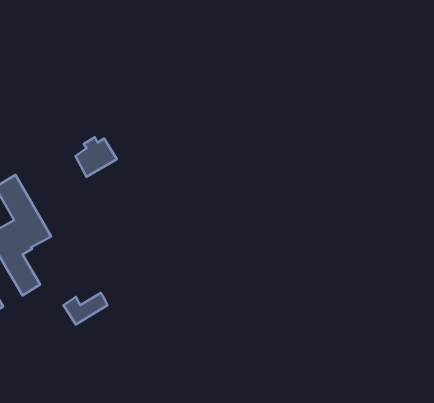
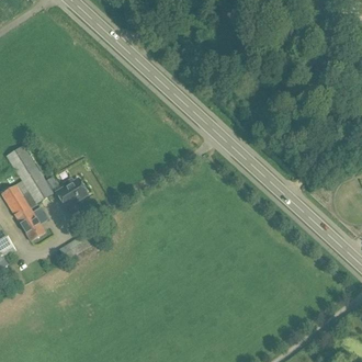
building: [75,137,117,177] -> [56,176,89,207]

